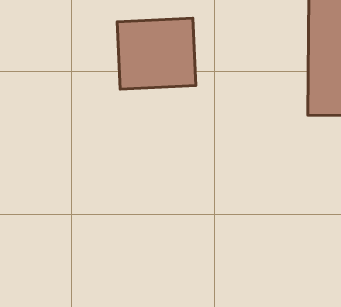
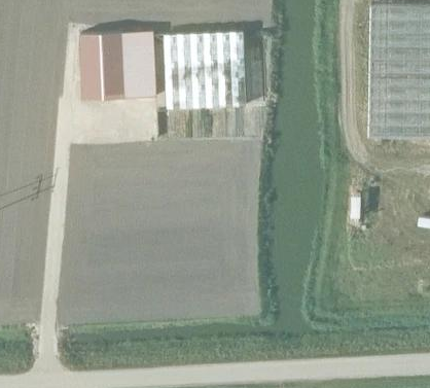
building: none -> [80,30,156,99]

